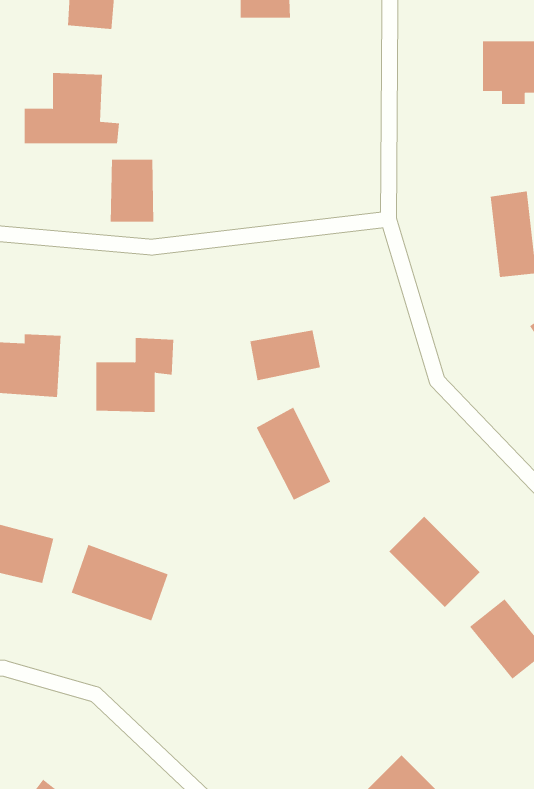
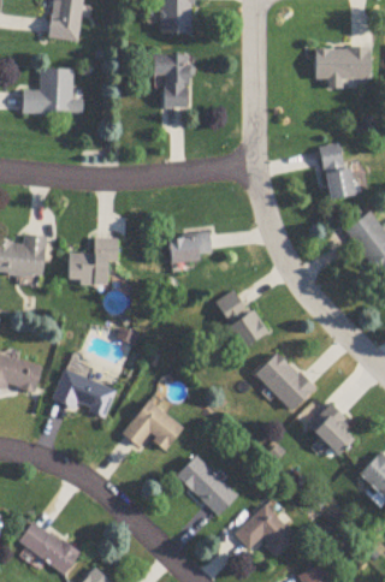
building: none -> [153,53,186,105]
building: [110,159,154,222] -> none
building: [256,407,331,501] -> [214,289,262,349]
building: none -> [122,400,183,450]
building: none -> [176,456,236,516]

